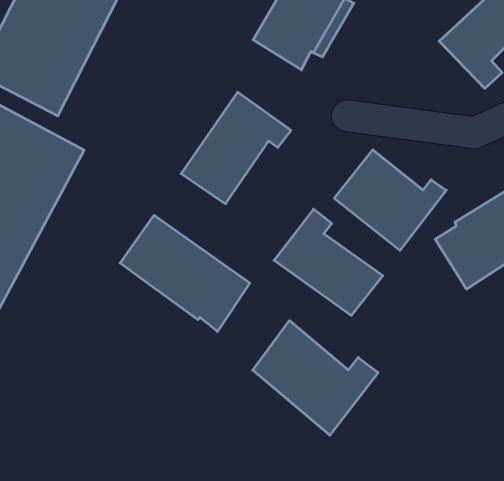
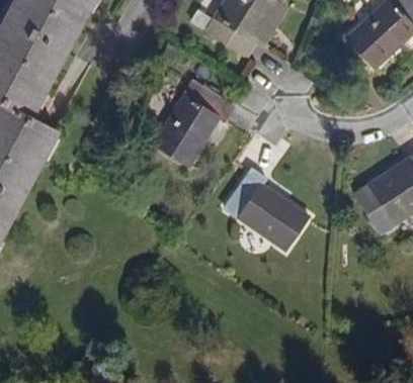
building: [334,150,446,250] -> none
building: [120,215,250,332] -> none
building: [253,321,378,435] -> none

